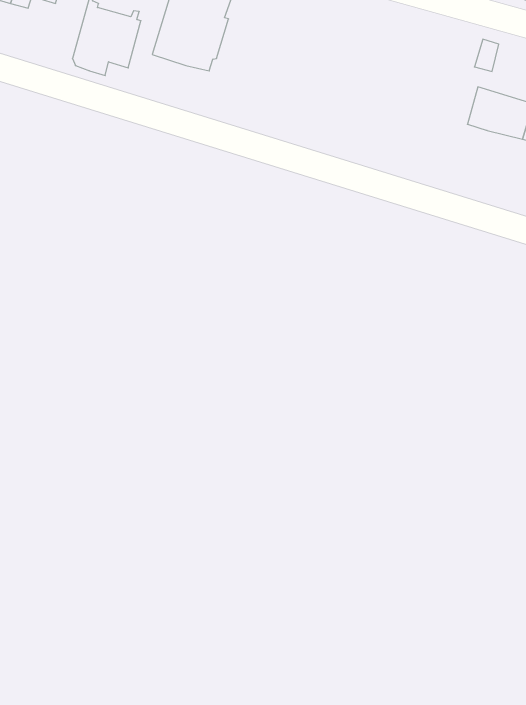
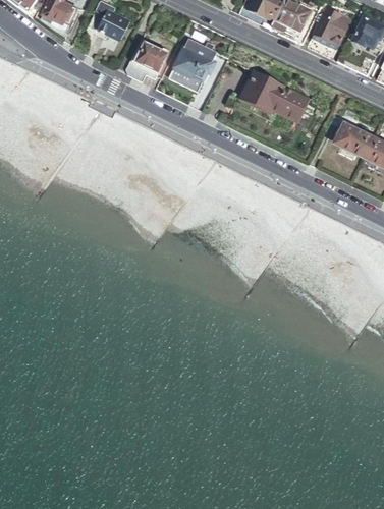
building: none -> [241,71,308,120]

